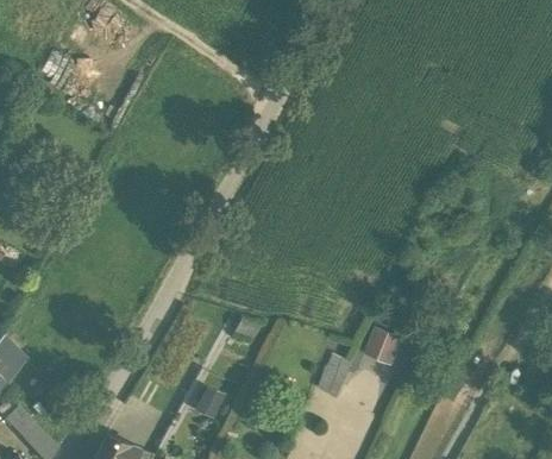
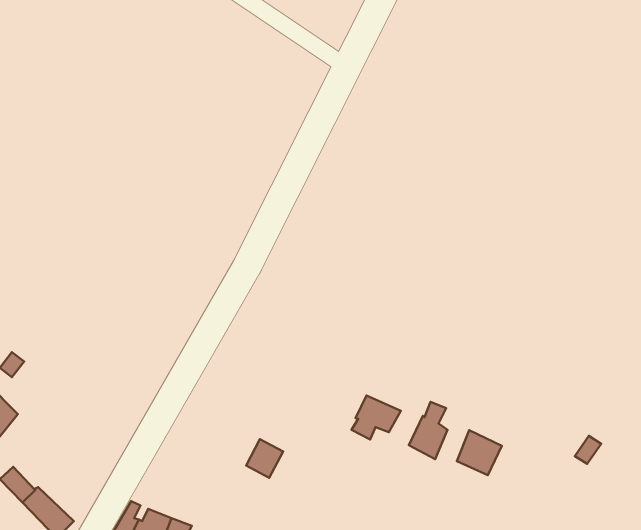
building: [368,331,402,365] -> [457,430,502,475]
building: none -> [352,396,401,440]

